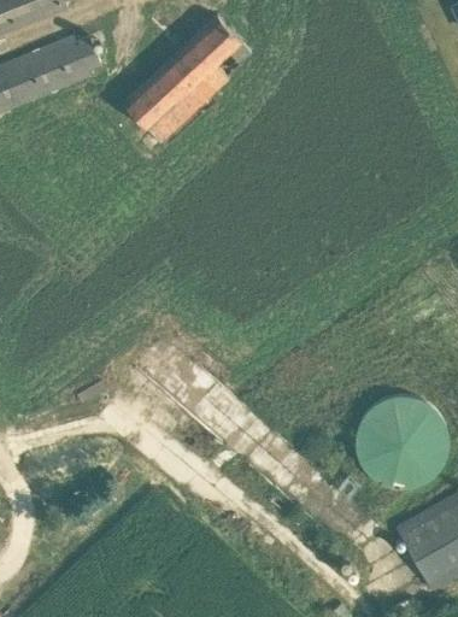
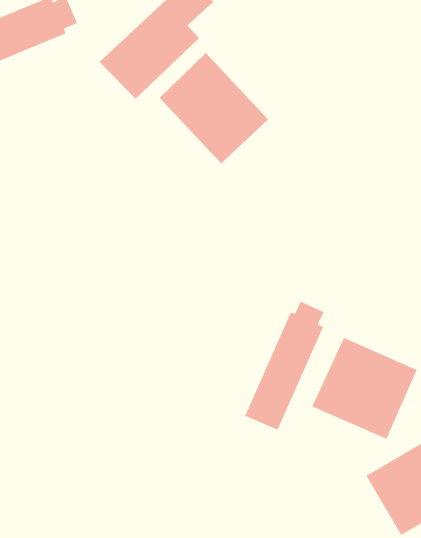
building: none -> [159,52,269,164]
building: none -> [245,301,324,431]

